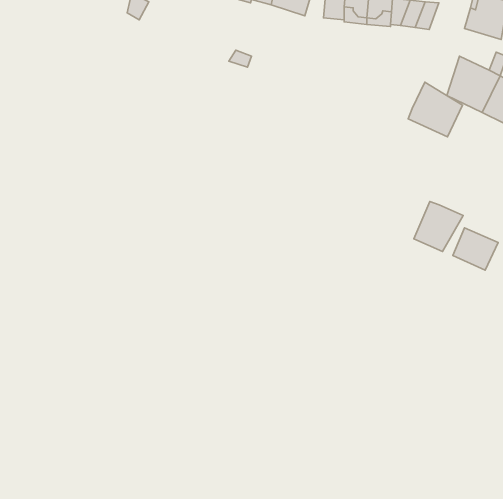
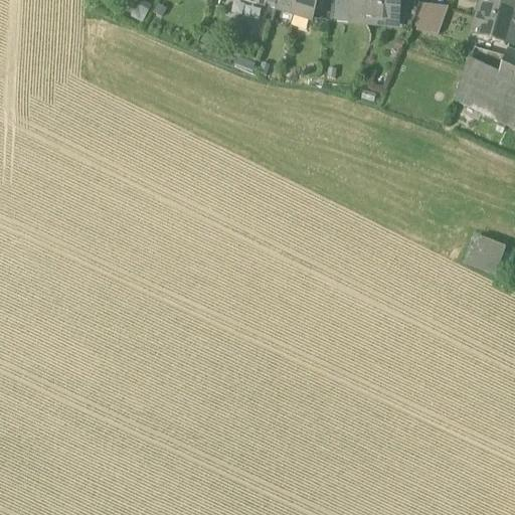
building: none -> [470,44,507,71]
building: [408,82,463,137] -> none
building: [414,202,463,252] -> none

